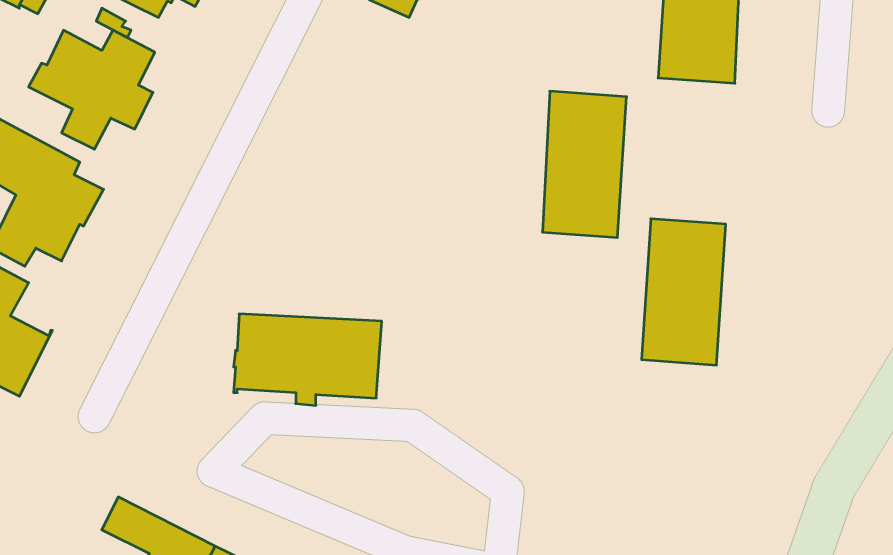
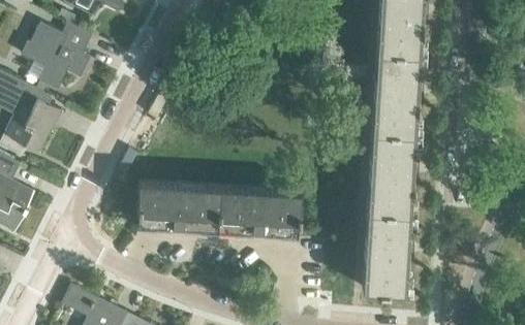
building: [542,91,627,238] -> [372,50,420,132]
building: none -> [217,187,301,239]
building: none -> [362,208,409,292]

